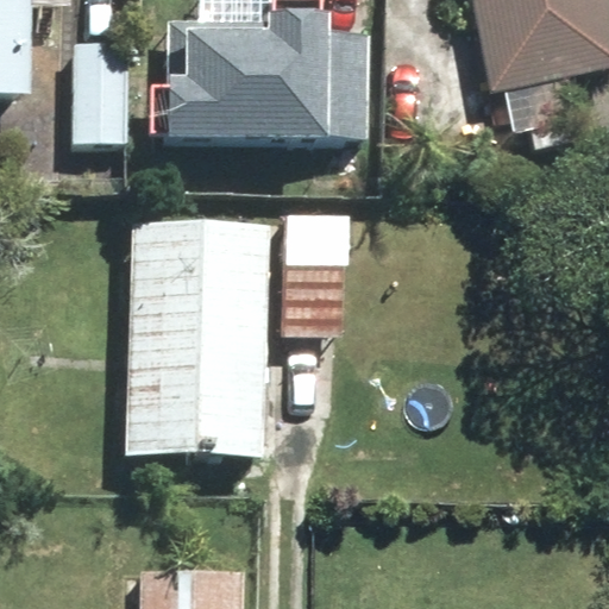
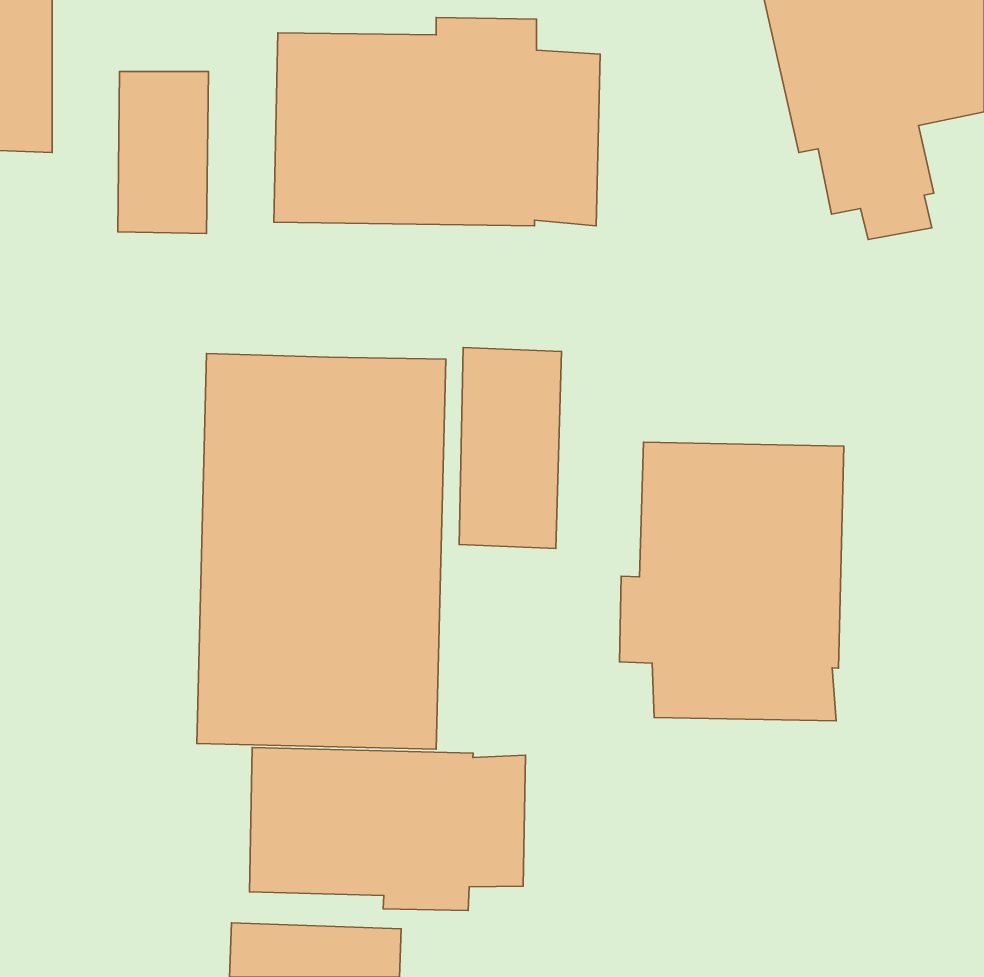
building: none -> [620,442,844,721]
building: none -> [250,748,525,910]

